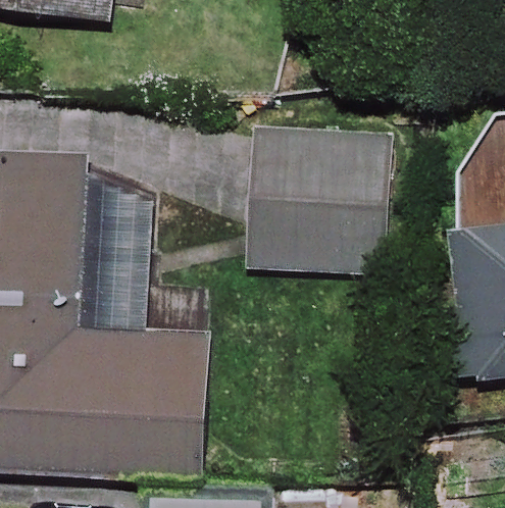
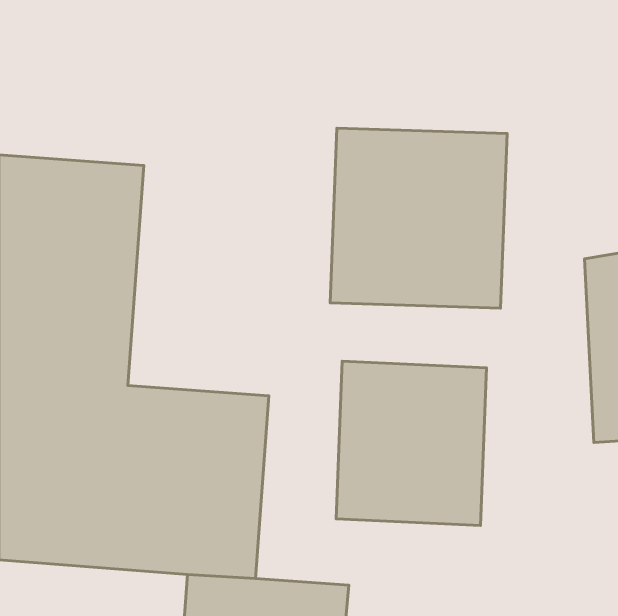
building: none -> [336,361,487,525]

